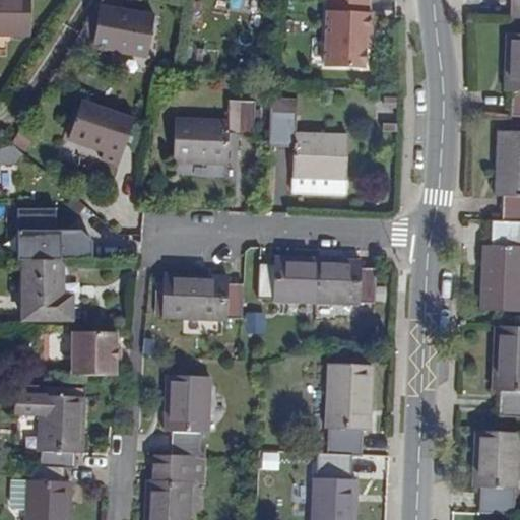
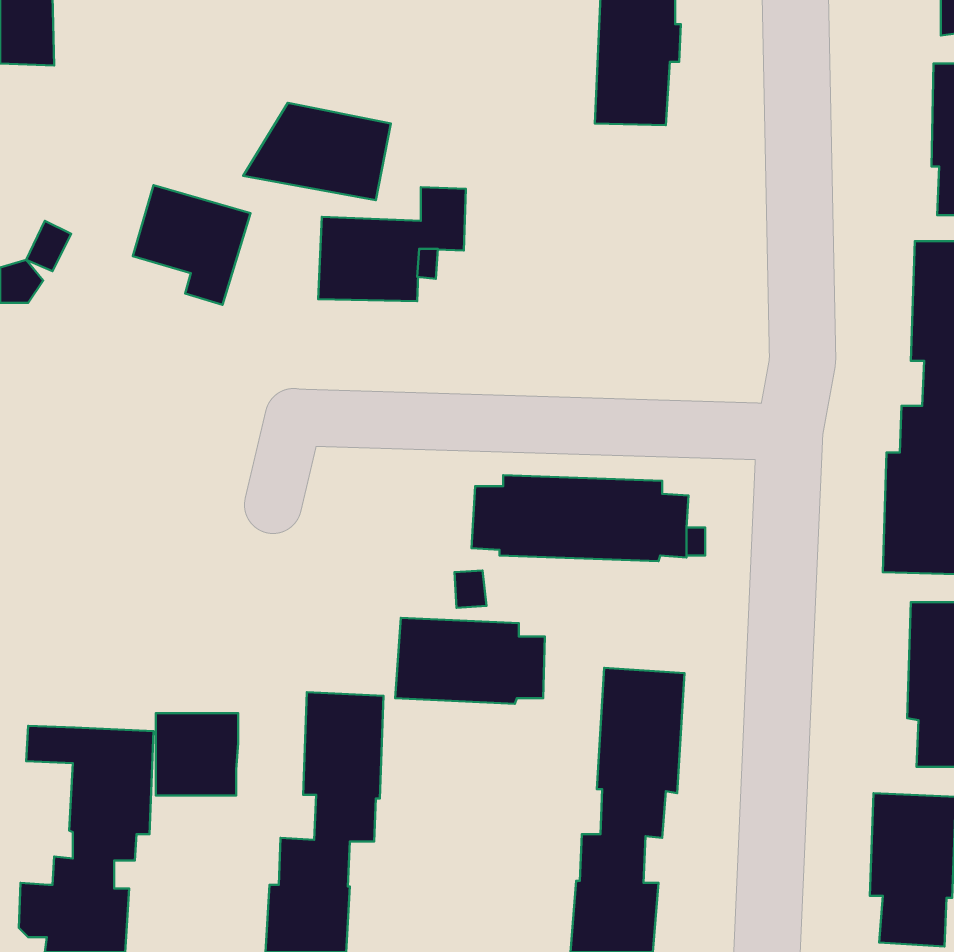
building: [73,5,153,58] -> [243,103,391,200]
building: [268,99,347,195] -> none
building: [17,205,95,254] -> none
building: [21,260,73,320] -> none
building: [160,274,242,321] -> [395,618,545,704]
building: [72,331,117,376] -> [156,713,238,796]

